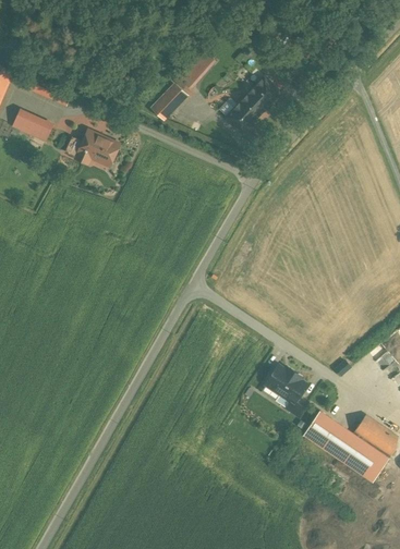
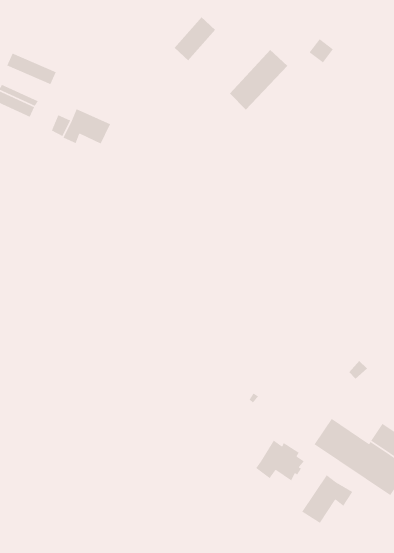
building: [151,85,185,120] -> none
building: [262,365,306,403] -> [255,439,305,482]
building: none -> [301,474,353,525]

